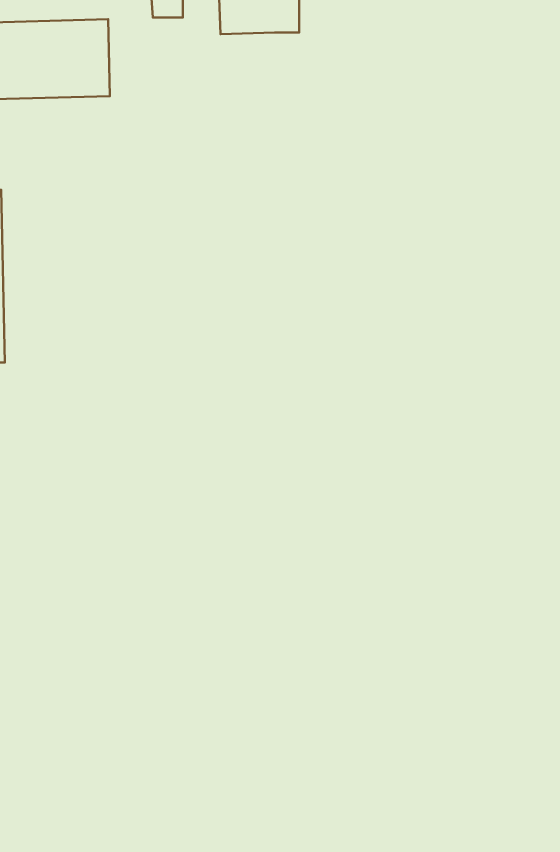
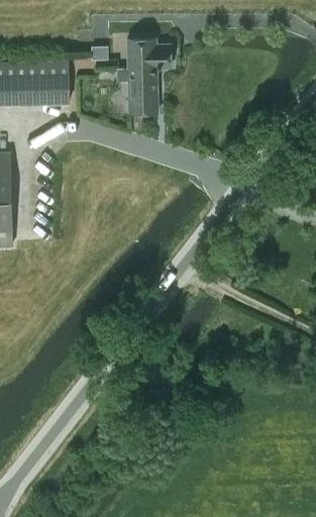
building: none -> [117,69,159,114]

